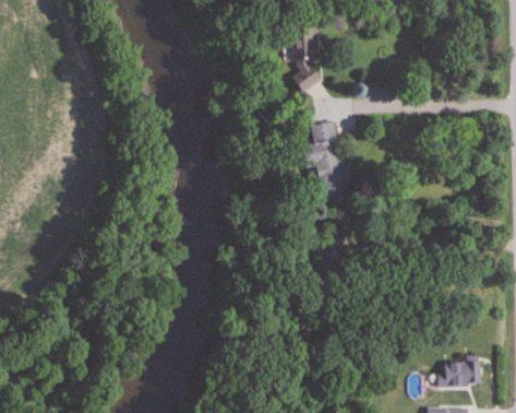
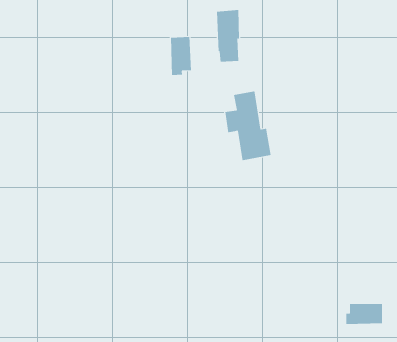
building: none -> [170,36,191,76]

